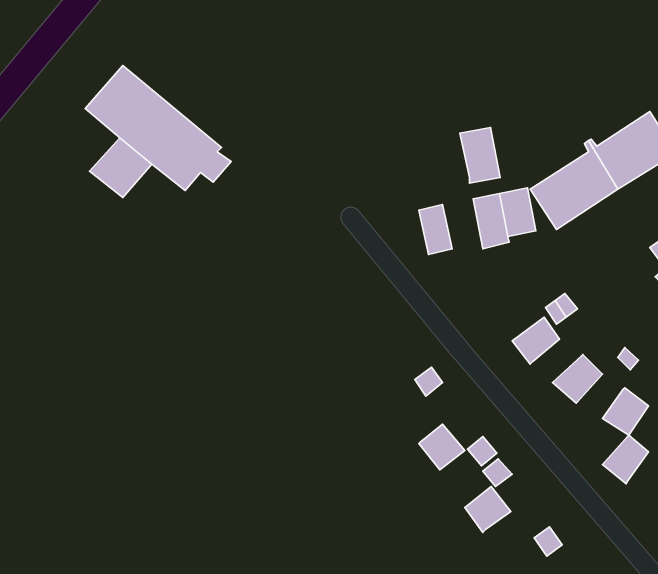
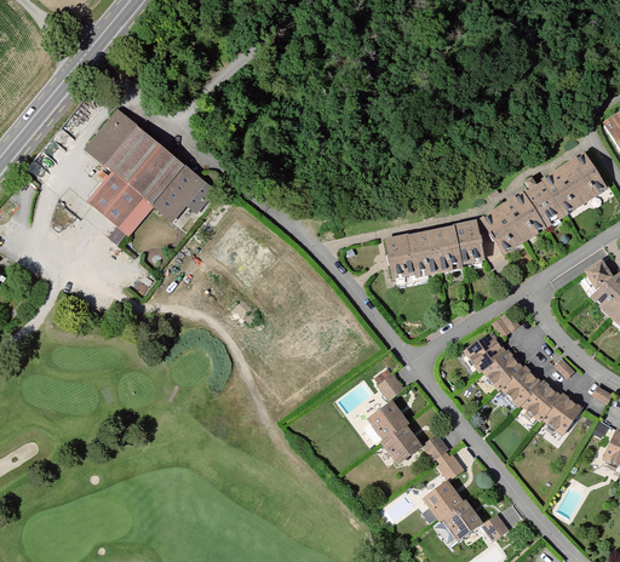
building: [460,128,500,183] -> [402,229,437,277]
building: none -> [481,350,523,390]
building: none -> [366,402,404,441]
building: [602,435,648,484] -> [519,380,559,423]
building: none -> [440,500,480,540]

